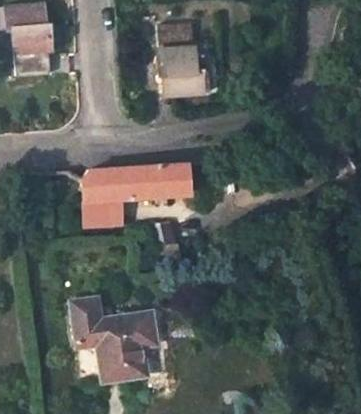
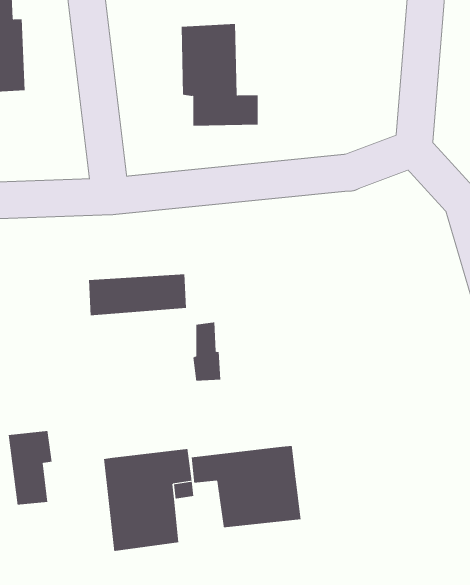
building: [90,163,195,198] -> none
building: [76,296,106,346] -> [8,430,53,505]
building: none -> [191,445,301,528]

